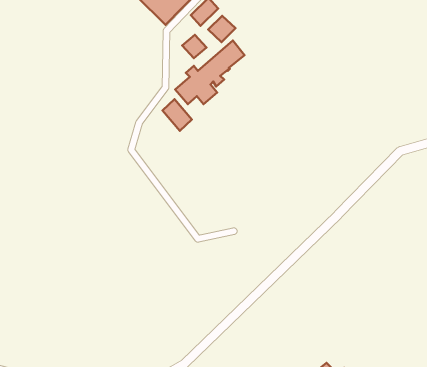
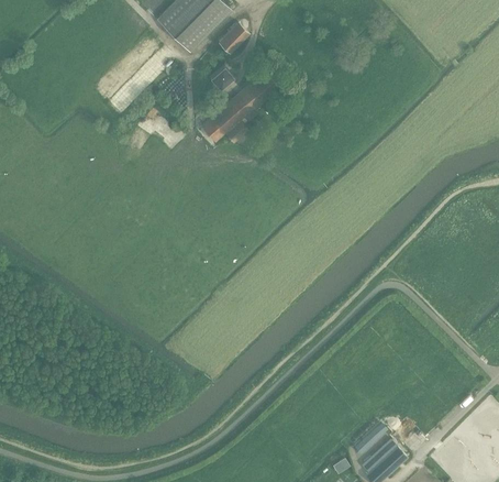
building: [208,16,235,42] -> none
building: [162,99,192,131] -> none

